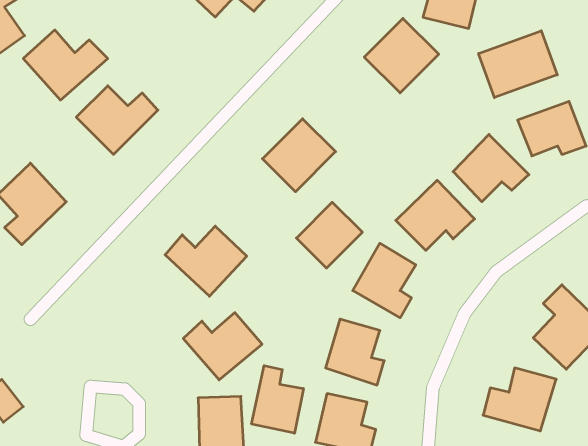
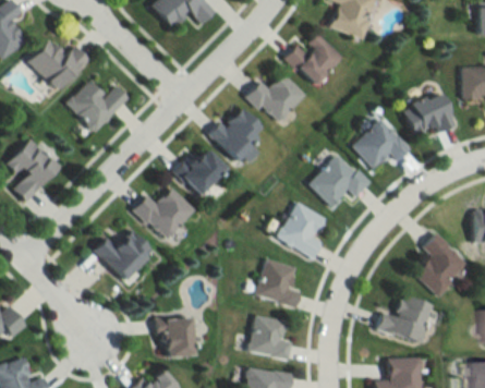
building: [479,31,557,98] -> none
building: none -> [245,73,305,124]
building: [296,202,362,268] -> [174,146,225,196]
building: [183,313,262,380] -> [93,229,153,280]
building: [252,366,303,433] -> none

